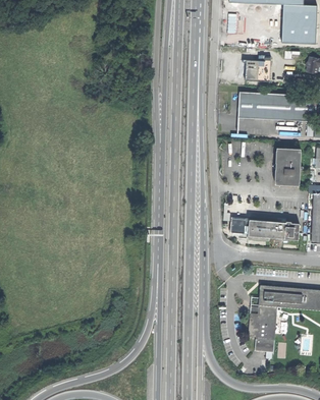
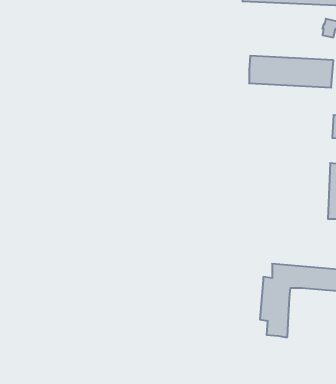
building: [244,60,263,81] -> none
building: [274,148,300,184] -> none
building: [245,219,299,240] -> none

